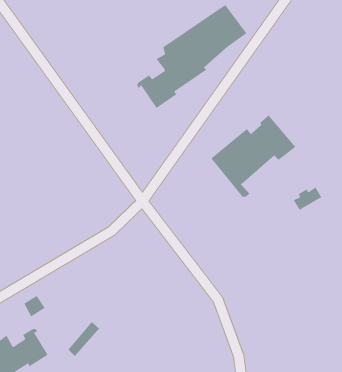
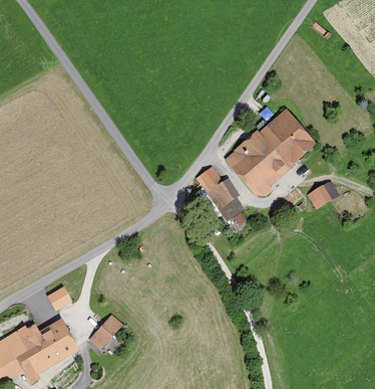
building: [137,4,247,109] -> none
building: none -> [201,167,242,220]

